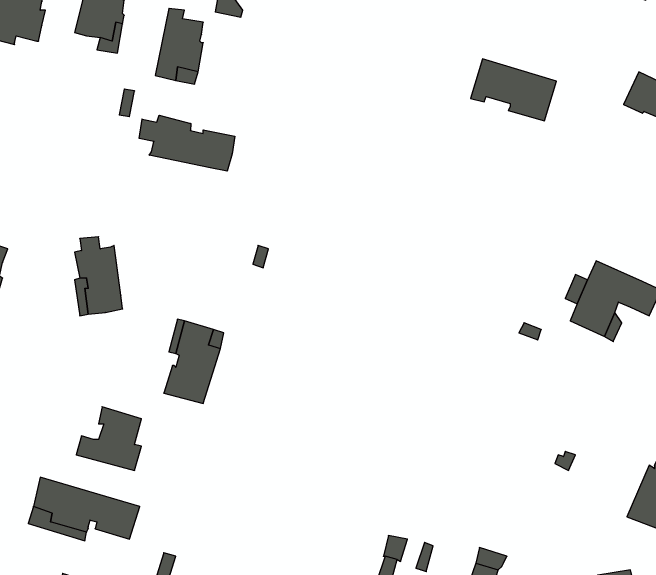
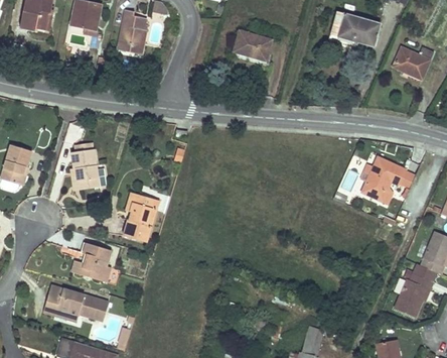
building: none -> [235,30,271,59]
building: [471,59,556,121] -> [330,11,381,47]
building: [139,115,235,171] -> none

